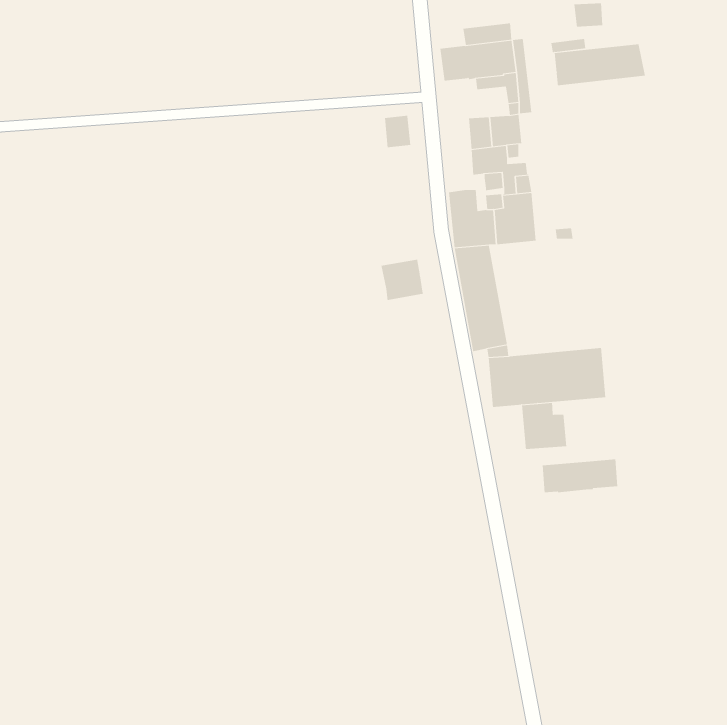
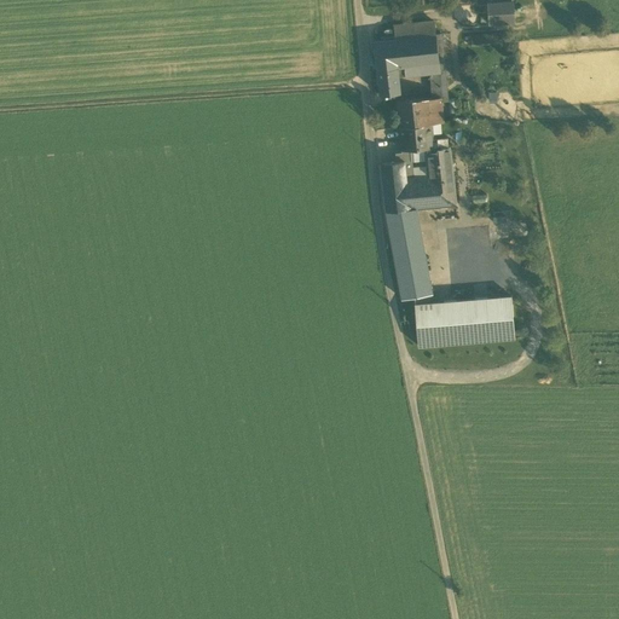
building: [554,43,646,86] -> none
building: [384,115,411,148] -> [377,69,400,97]
building: [381,259,424,301] -> none
building: [522,402,567,450] -> none
building: [542,458,618,493] -> none

